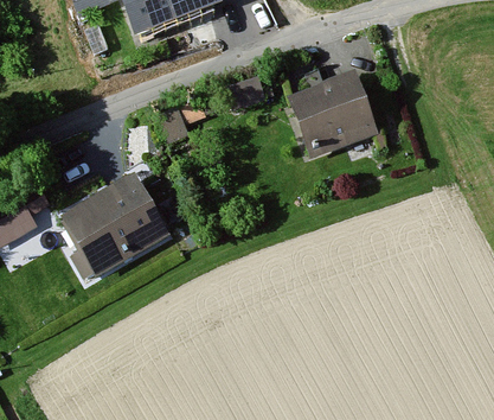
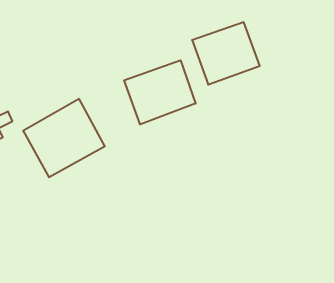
building: none -> [124,60,196,124]

